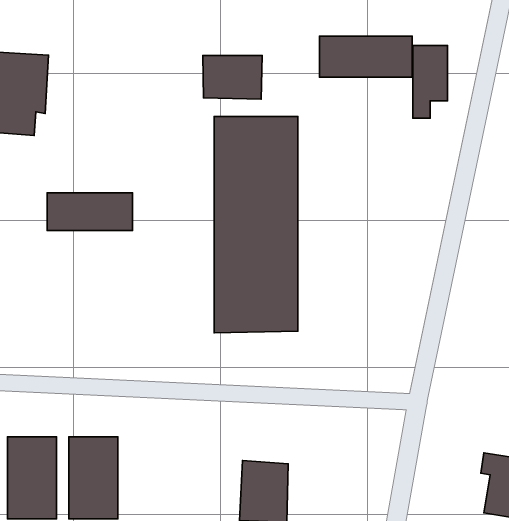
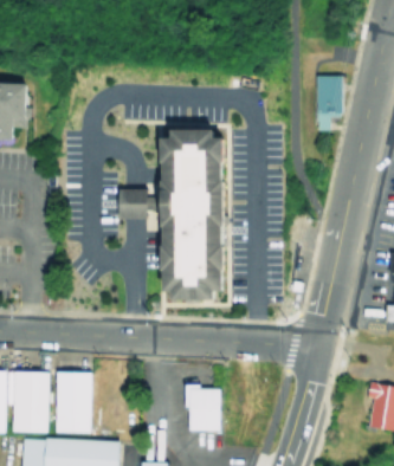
building: [319,36,412,77] -> none
building: [203,56,262,99] -> none
building: [47,193,133,230] -> none

